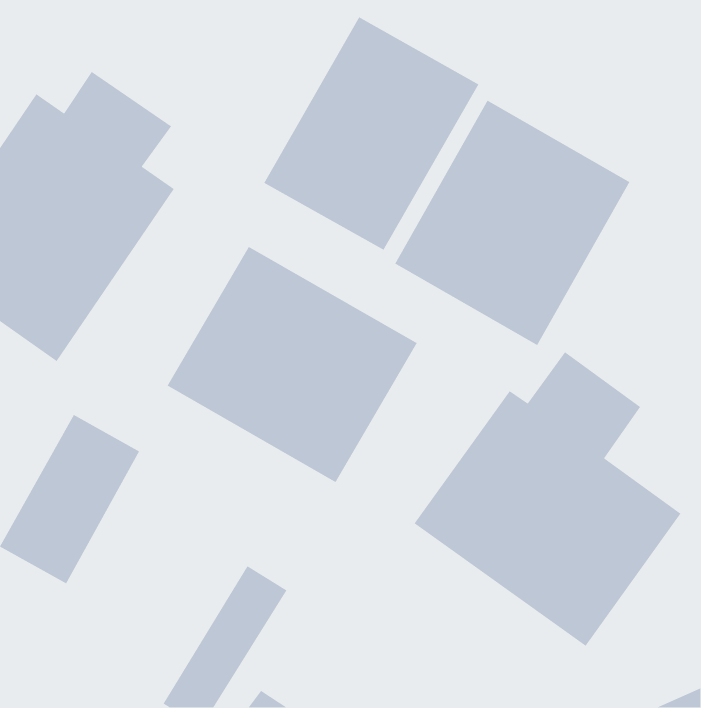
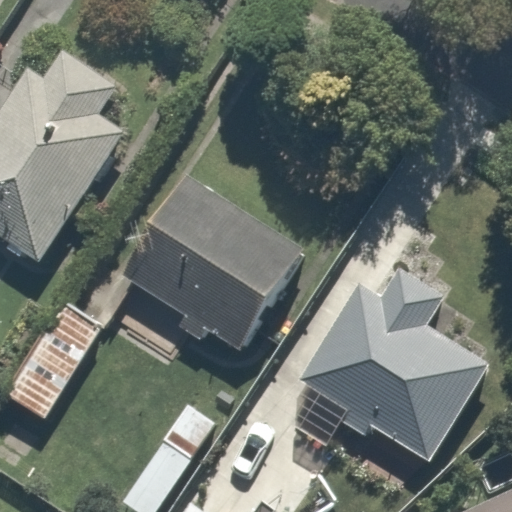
building: [263,16,479,251] -> none
building: [394,100,630,346] -> none

